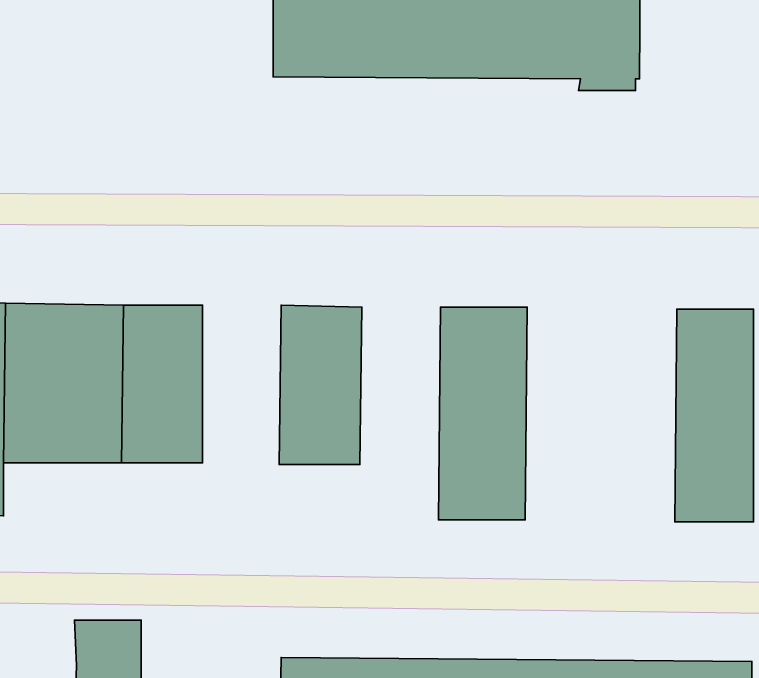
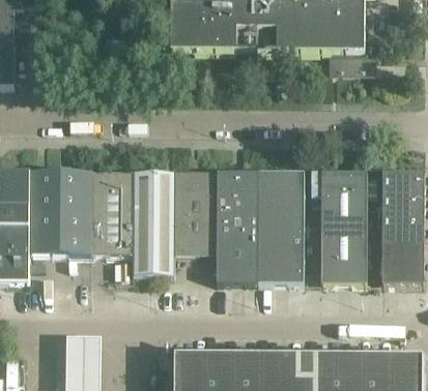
building: none -> [133,170,175,273]
building: none -> [217,171,259,282]
building: none -> [321,171,367,283]

